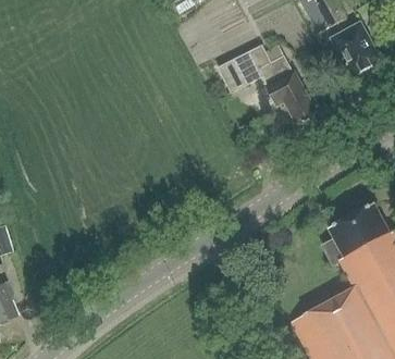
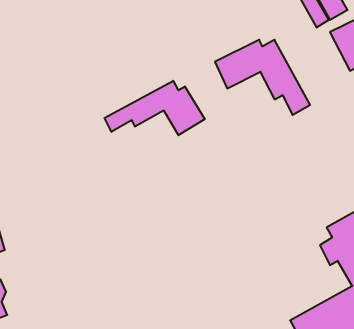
building: none -> [104,81,205,135]

